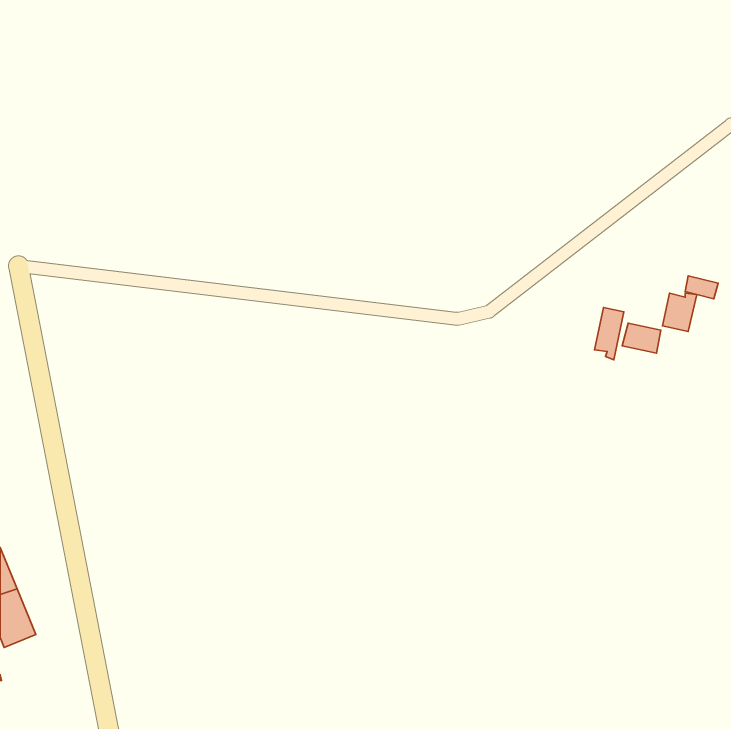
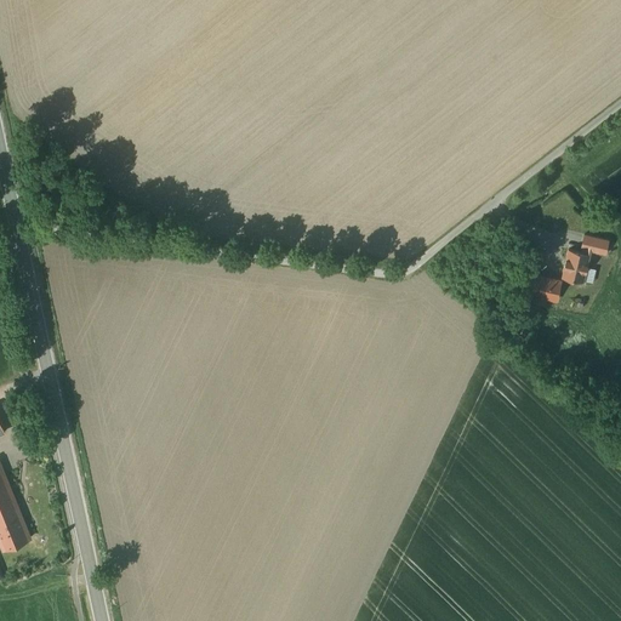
building: [595,308,624,360] -> none

